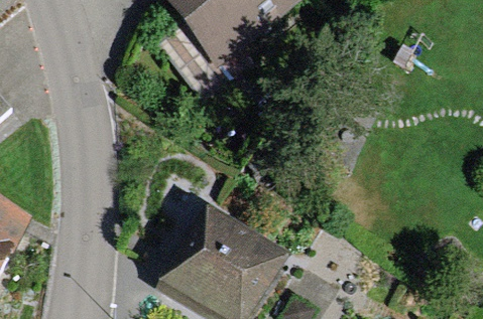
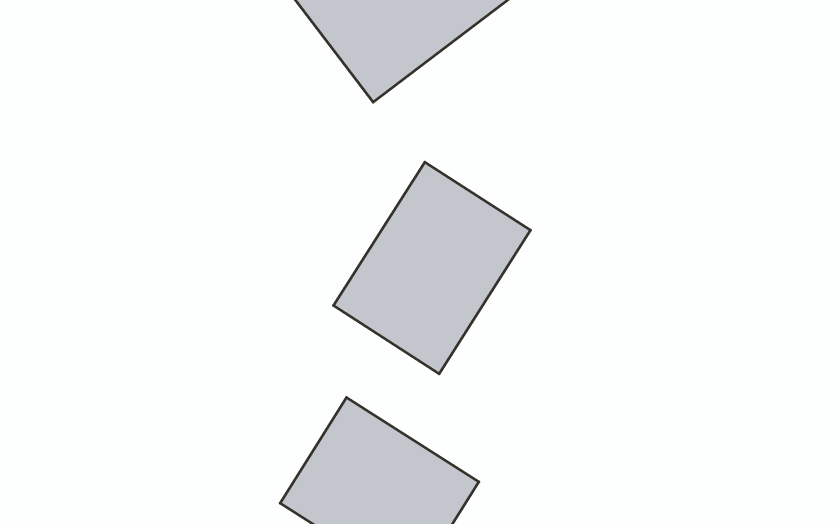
building: none -> [333,162,531,374]

